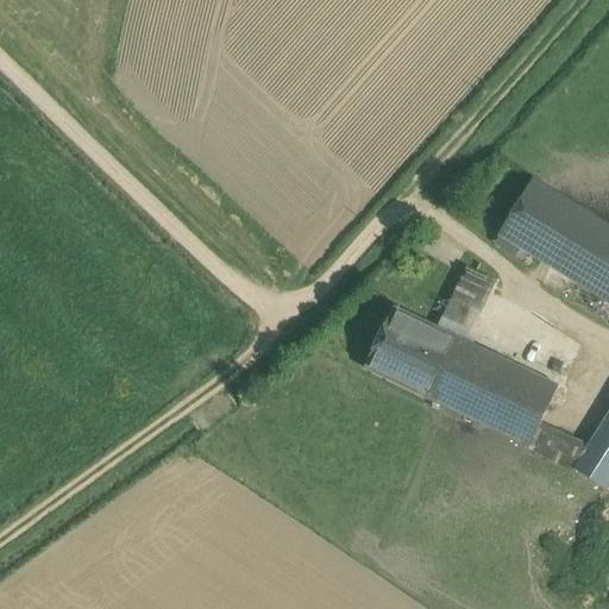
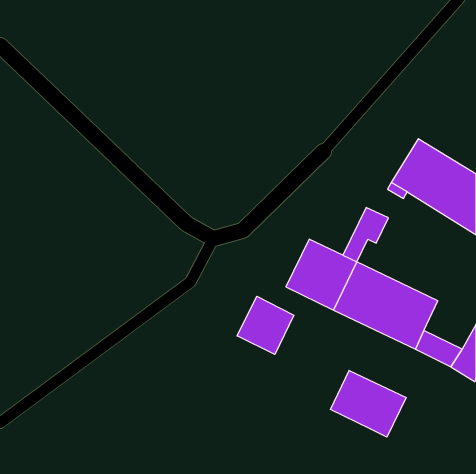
building: none -> [237,296,294,354]
building: none -> [330,370,406,437]

